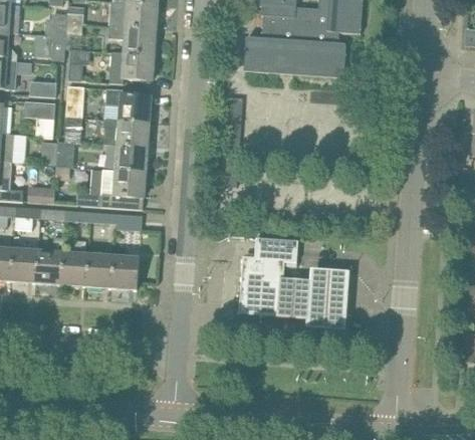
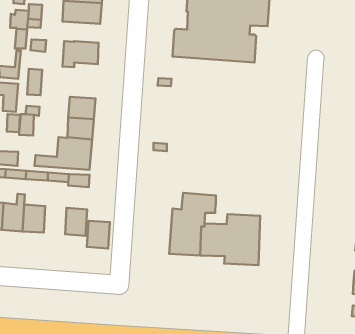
building: [107,27,155,53] -> none
building: [104,87,150,122] -> none
building: [85,253,113,287] -> [87,221,110,249]

